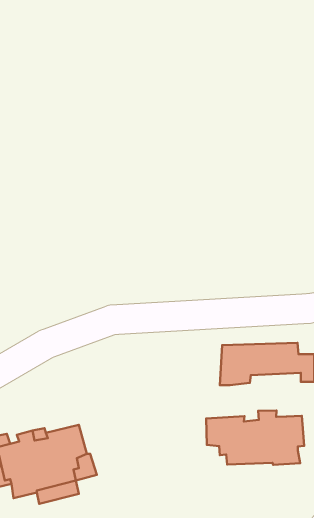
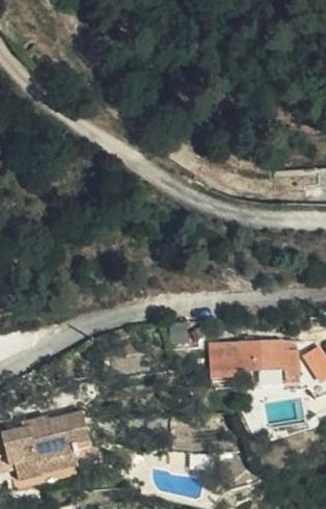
building: [206,411,304,465] -> none

